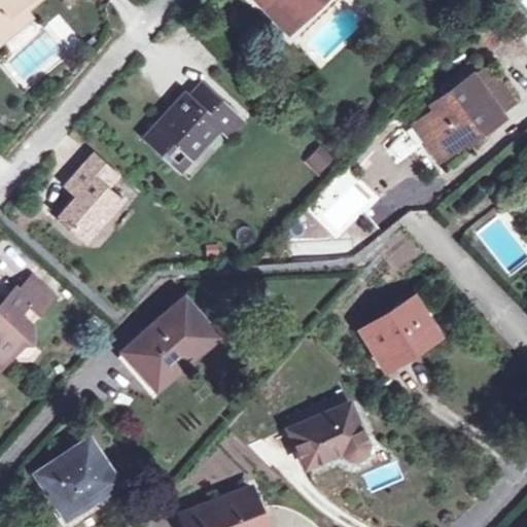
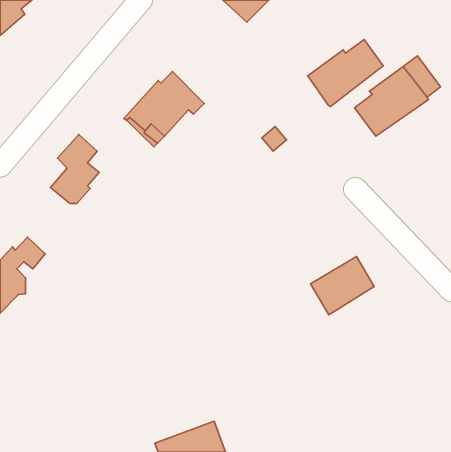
building: none -> [308,39,383,107]
building: [125,298,216,385] -> none
building: [288,402,365,466] -> none
building: [36,438,117,519] -> none

